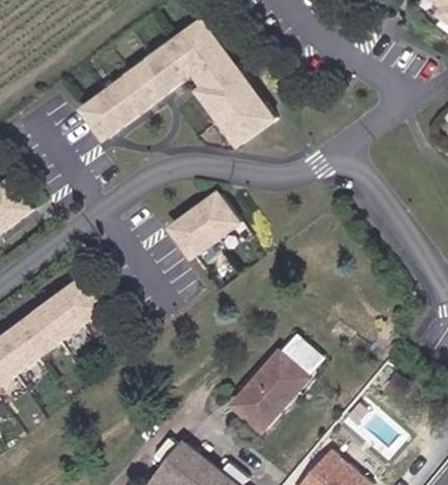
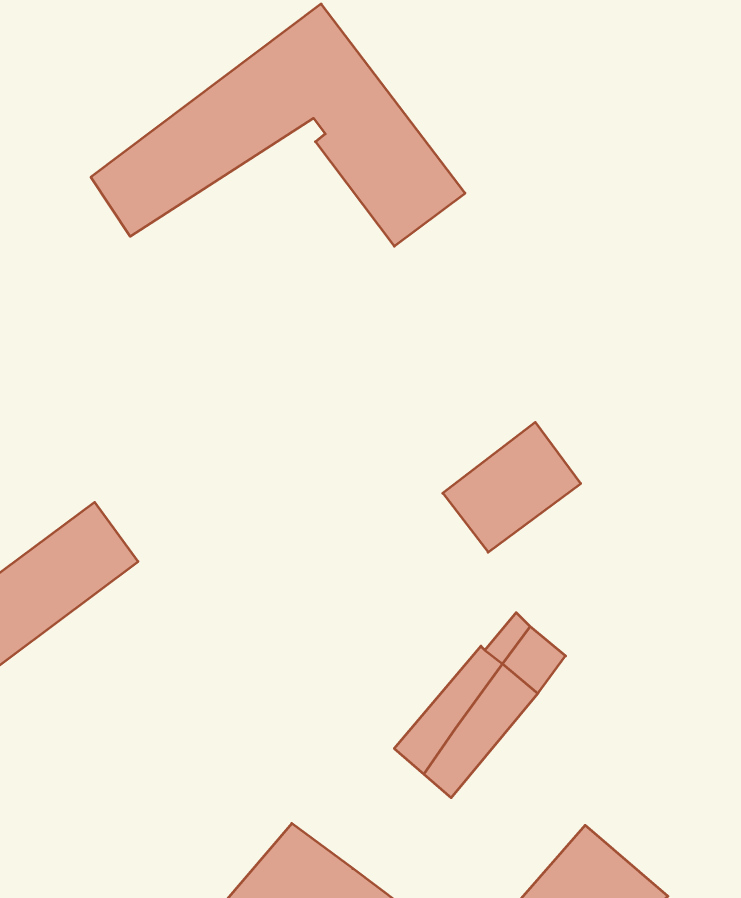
building: [165,194,236,261] -> [443,422,581,552]

